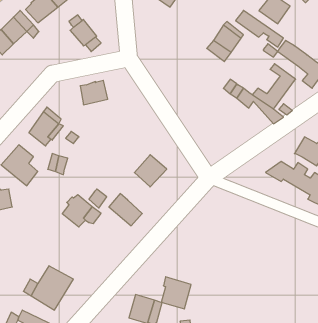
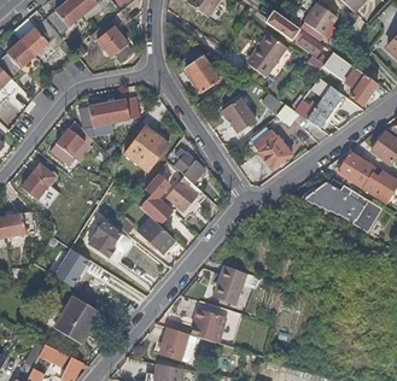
building: none -> [185,54,220,92]
building: none -> [222,98,256,134]
building: none -> [80,101,111,129]
building: none -> [125,123,168,166]
building: none -> [253,129,292,169]
building: none -> [174,147,204,183]
building: none -> [139,175,170,225]
building: none -> [54,248,89,287]
building: none -> [215,264,250,305]

